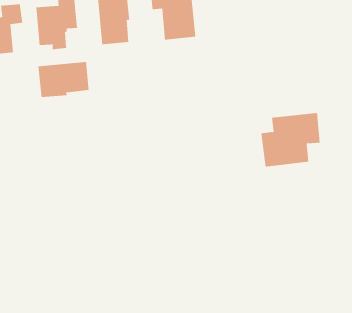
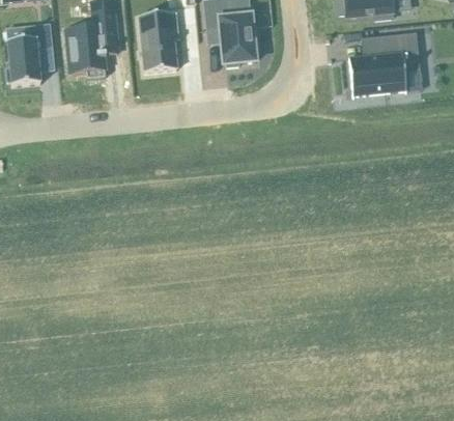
building: [38,61,89,98] -> none
building: [261,112,321,167] -> [348,30,420,95]

